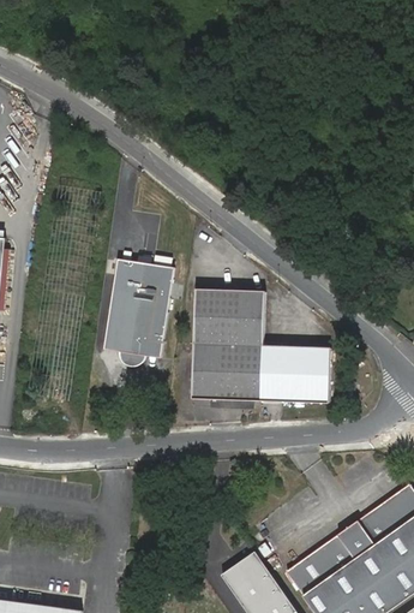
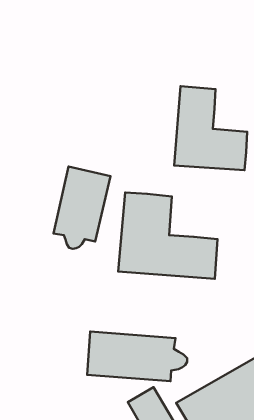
building: none -> [174,86,247,170]
building: none -> [87,331,187,381]

